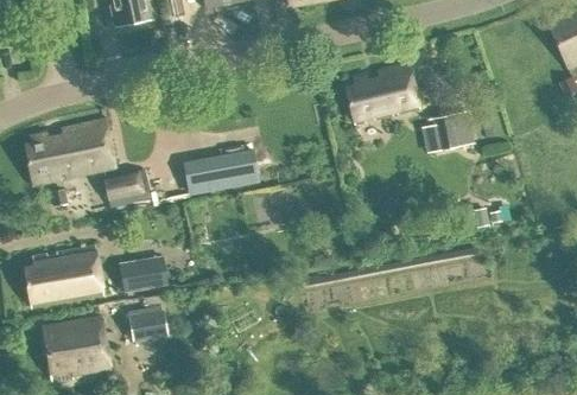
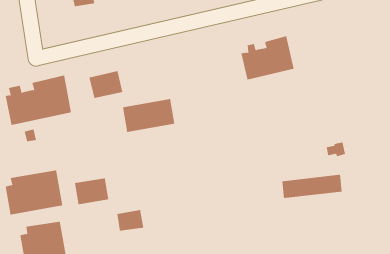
building: [420,110,473,152] -> none
building: [103,168,151,206] -> [88,70,123,98]
building: [128,311,166,340] -> [116,209,144,231]

